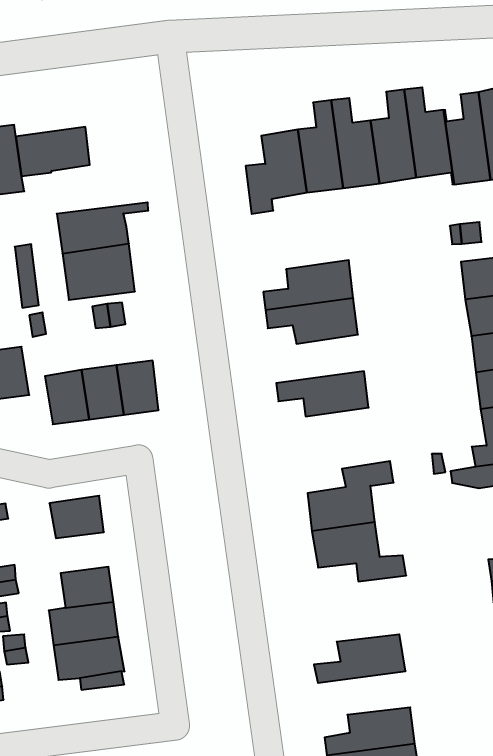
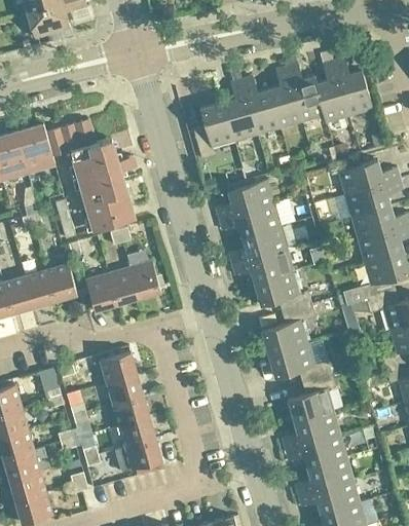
building: none -> [71,139,135,177]
building: none -> [228,226,287,264]
building: none -> [254,271,311,312]
building: none -> [107,374,143,404]
building: none -> [288,374,335,422]
building: none -> [286,435,346,467]

